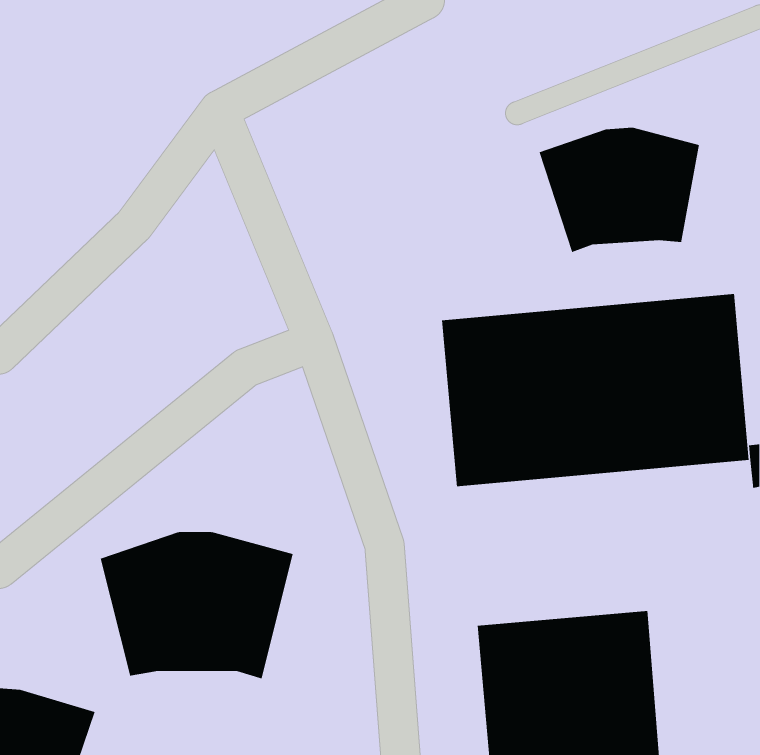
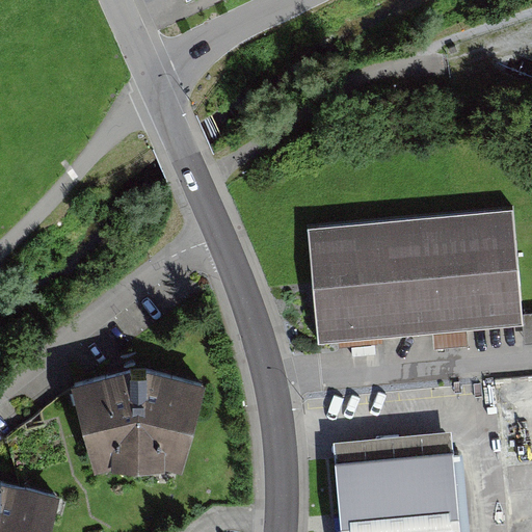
building: [539,127,700,253] -> none

